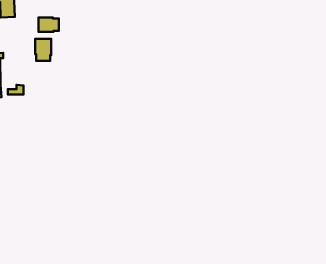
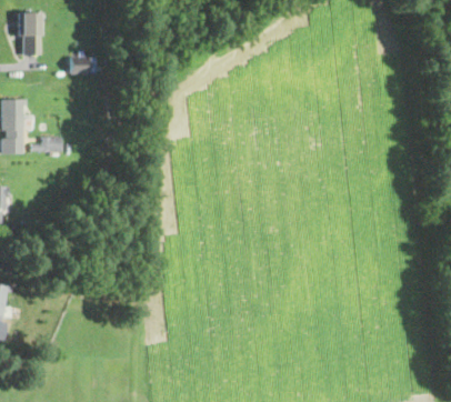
building: [35,39,51,61] -> none

